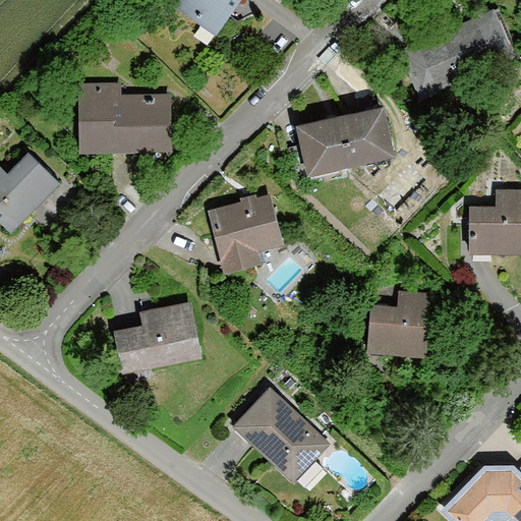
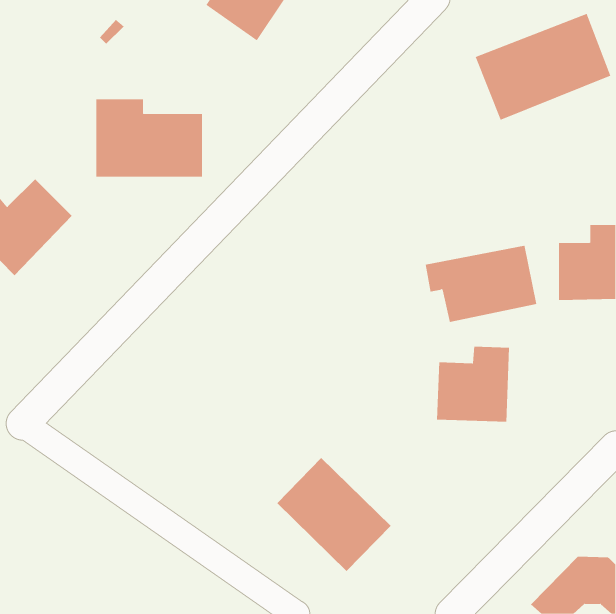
building: [297,109,392,174] -> [425,245,537,322]
building: [211,195,281,273] -> none
building: [117,302,200,368] -> none

